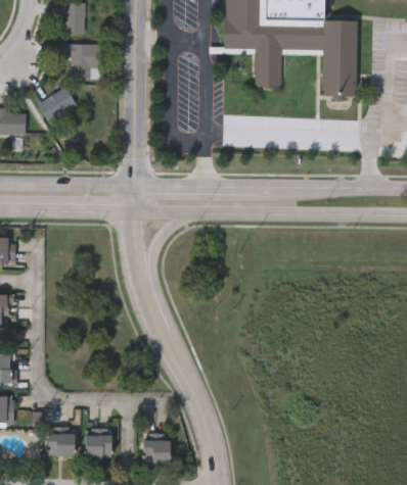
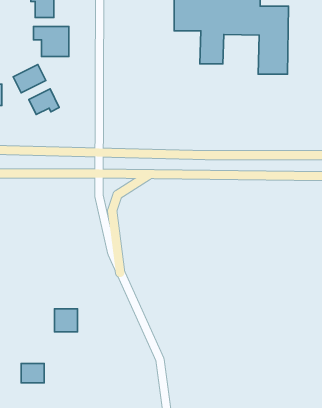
building: none -> [29,89,59,114]
building: [84,430,110,456] -> [54,309,77,332]
building: [142,438,170,463] -> none

